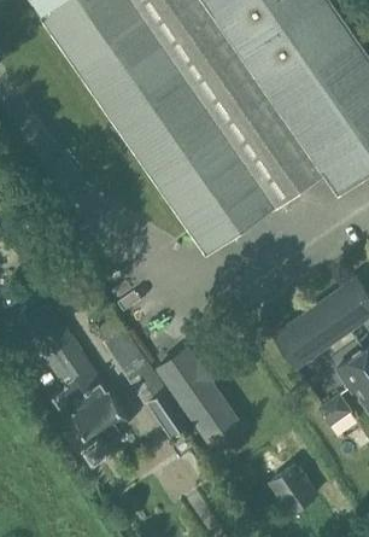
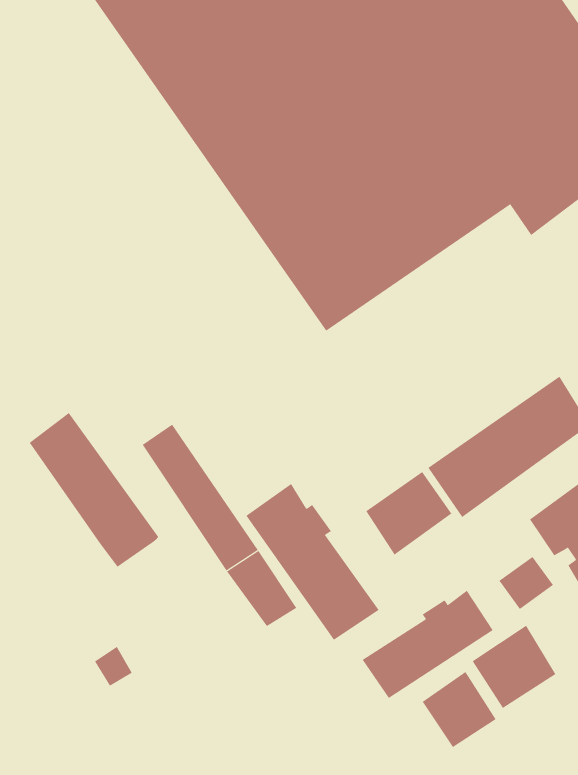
building: none -> [365,471,452,555]
building: [52,385,131,460] -> none
building: none -> [362,590,493,699]
building: none -> [472,625,556,709]

